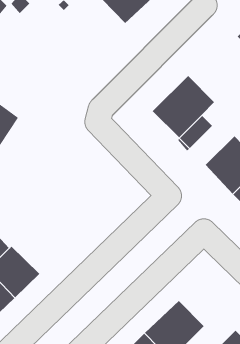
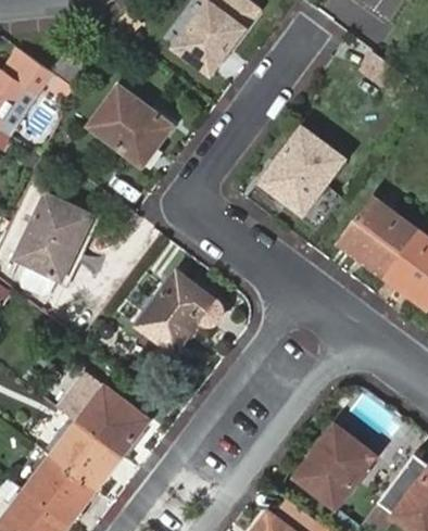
building: none -> [89,86,169,163]
building: none -> [138,273,221,352]

